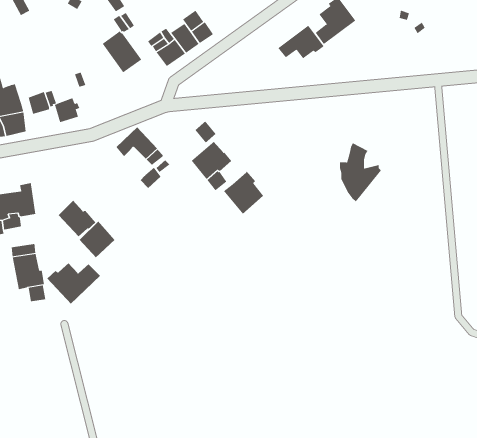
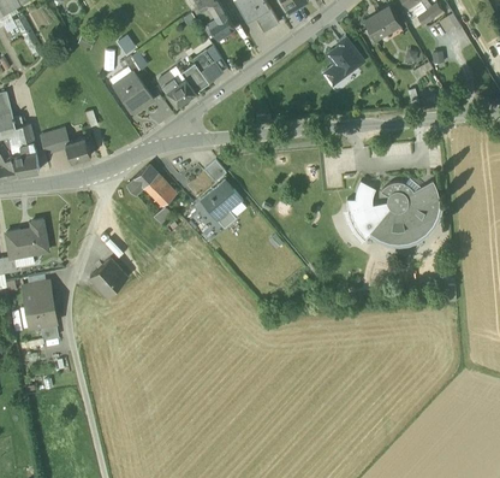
building: [278,25,325,59] -> none
building: none -> [369,179,439,242]
building: [223,171,264,214] -> none
building: [58,200,96,237] -> none
building: [47,263,101,304] -> none

